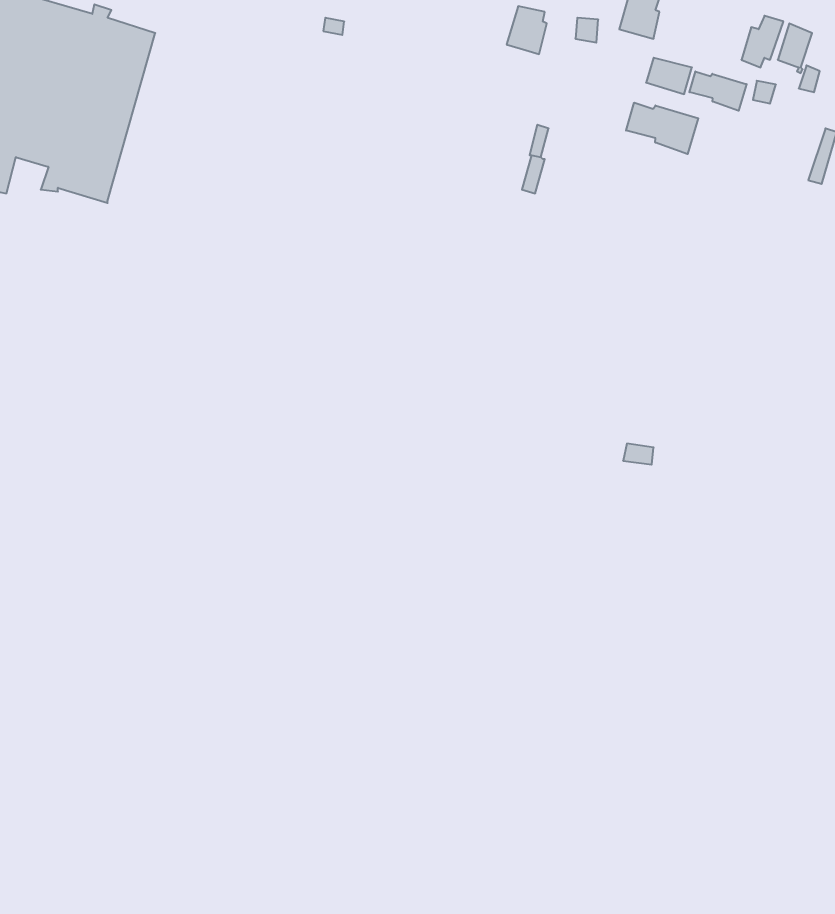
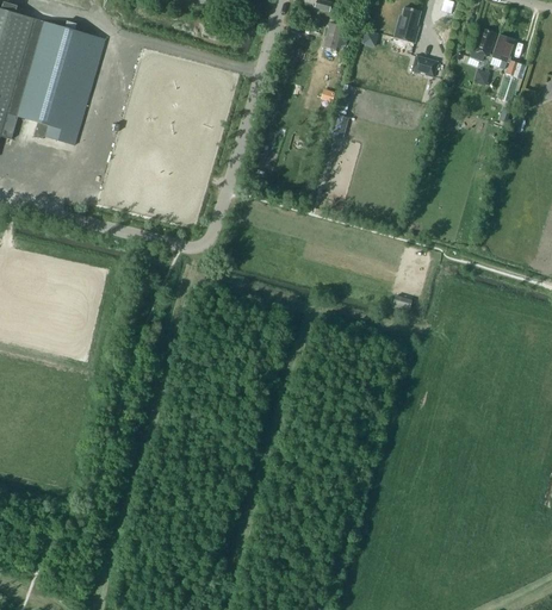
building: [689,71,747,111] -> none
building: [626,103,698,154] -> none

